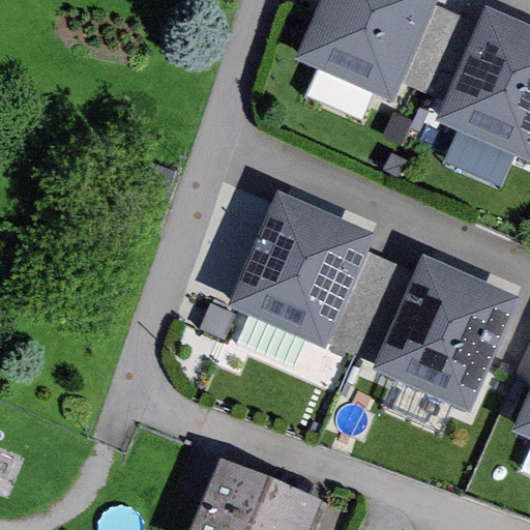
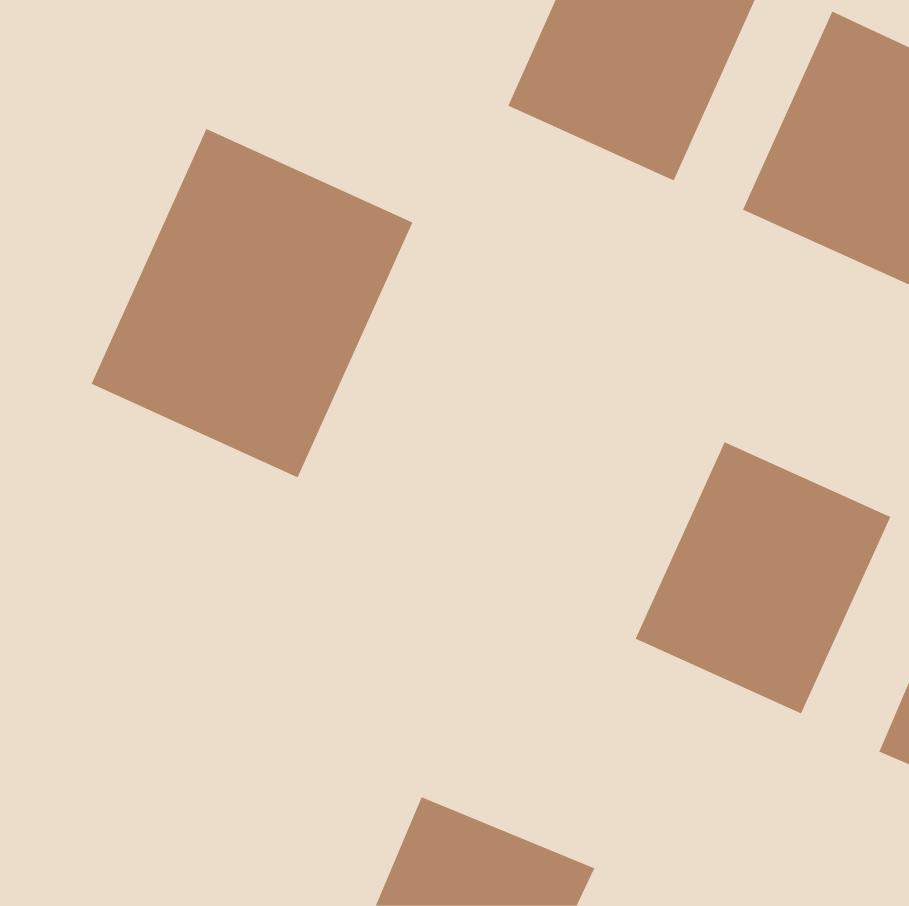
building: none -> [91,128,413,478]
building: [227,196,375,353] -> none

